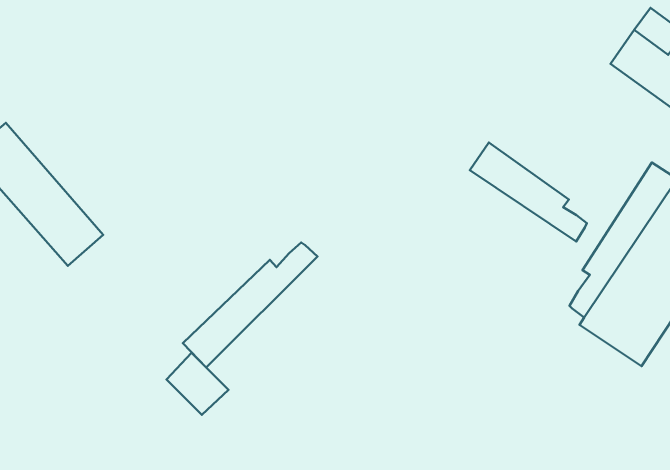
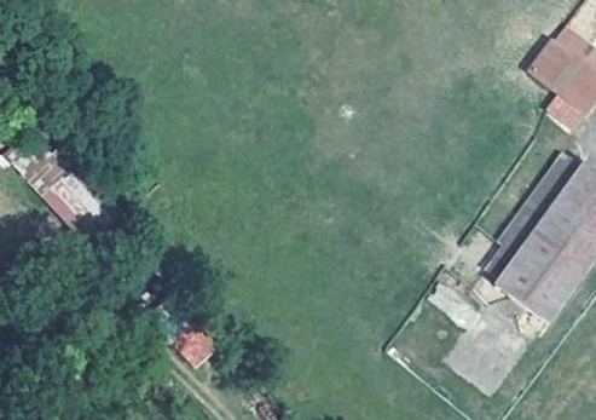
building: [470,143,587,242] -> none
building: [183,242,317,368] -> none

